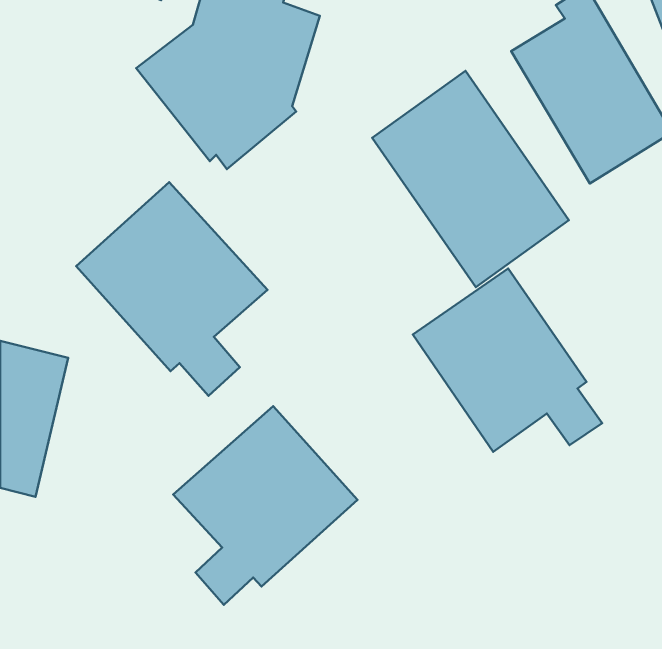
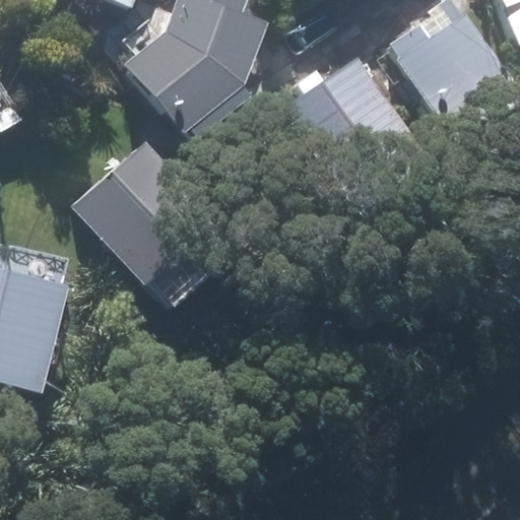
building: [413,269,602,452] -> none
building: [173,406,358,605] -> none

